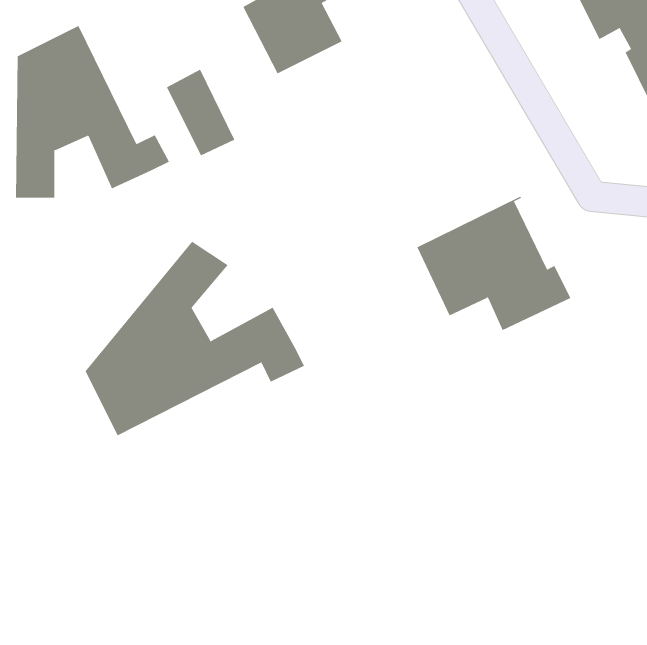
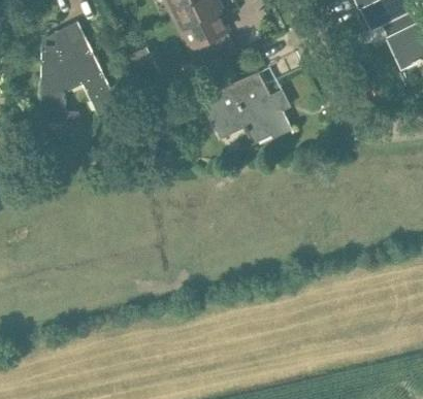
building: [416,196,571,331] -> [203,68,291,144]
building: [85,241,305,436] -> none

